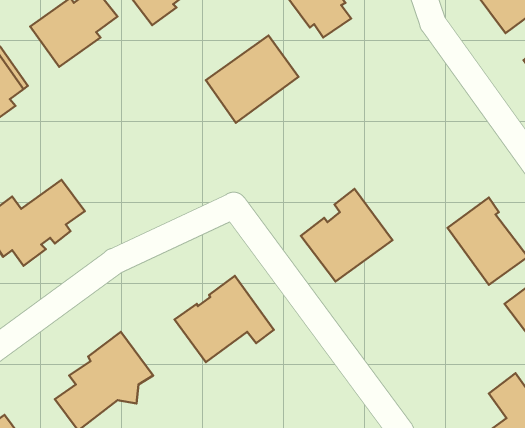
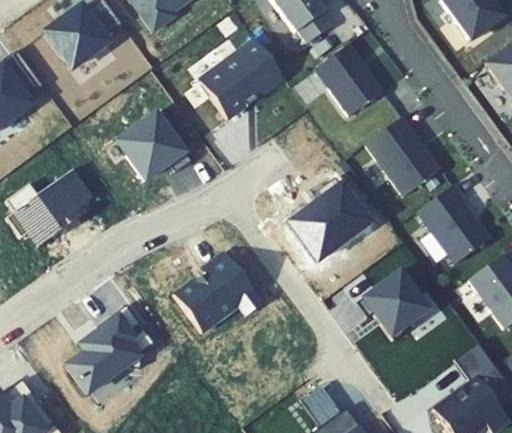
building: none -> [314,43,383,115]
building: none -> [116,112,190,180]
building: none -> [365,118,440,196]
building: none -> [355,271,427,340]

